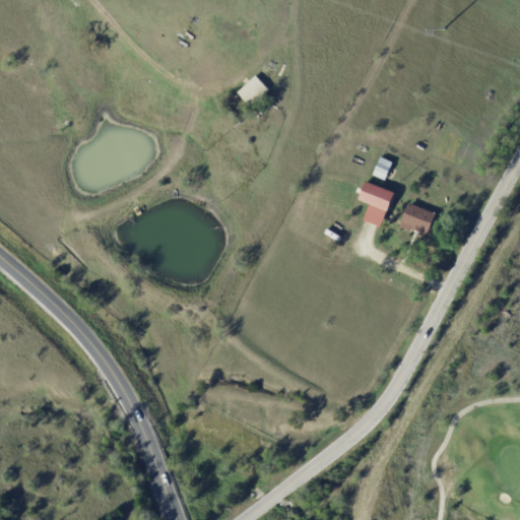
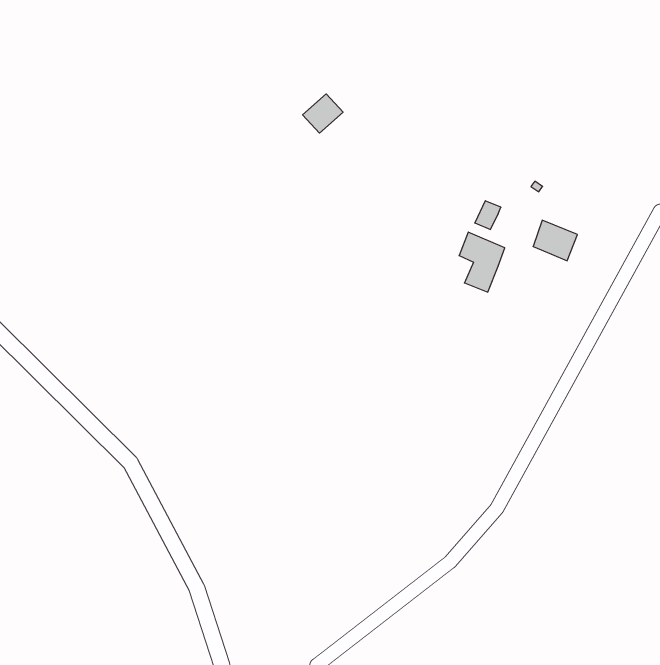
building: [400,202,435,234] -> [533,220,577,261]

